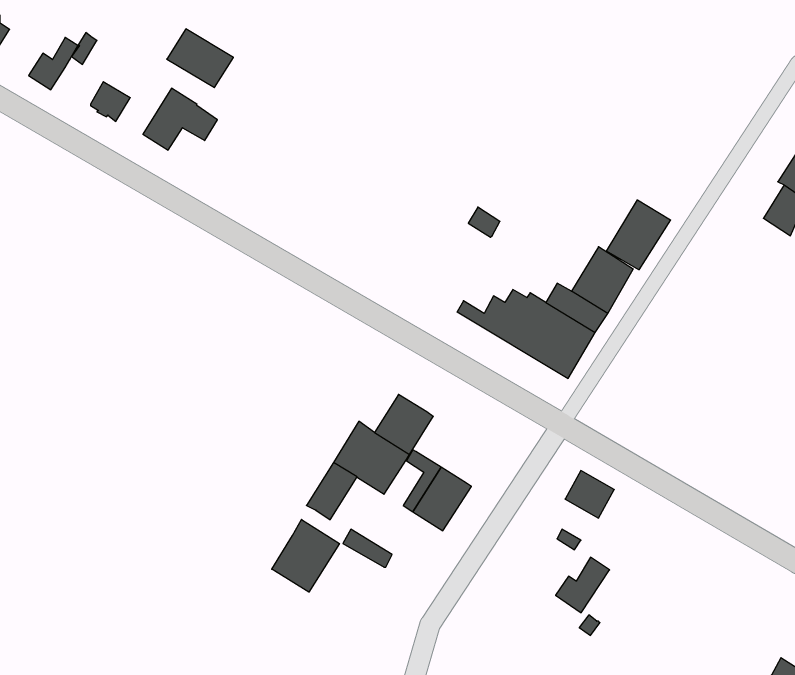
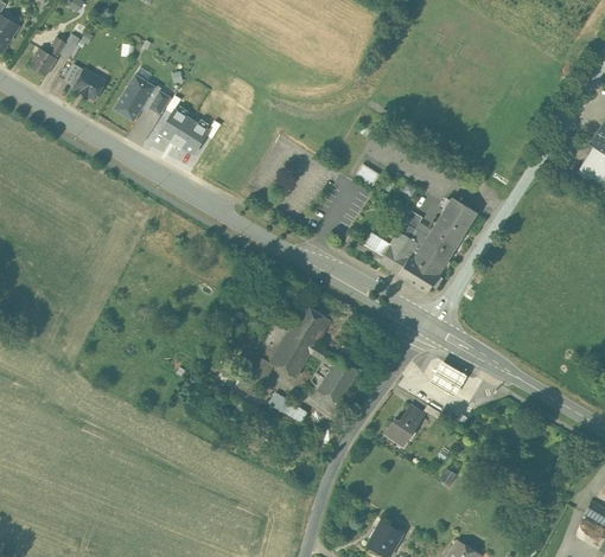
building: [167,29,233,88] -> [163,109,212,153]
building: [606,200,671,270] -> none
building: [272,519,339,592] -> none
building: [556,557,610,613] -> [384,404,425,446]

